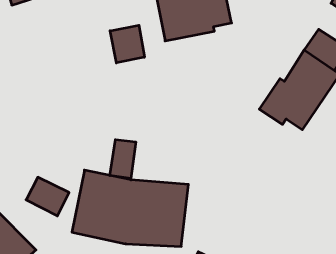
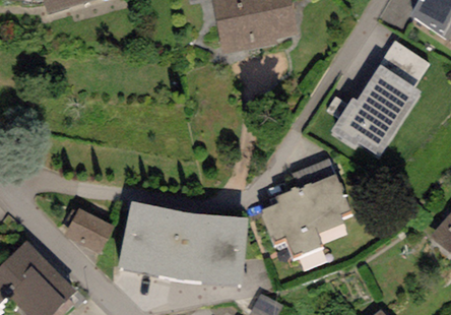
building: [110,25,144,63] -> none
building: none -> [260,158,352,257]
building: [110,140,136,178] -> none

